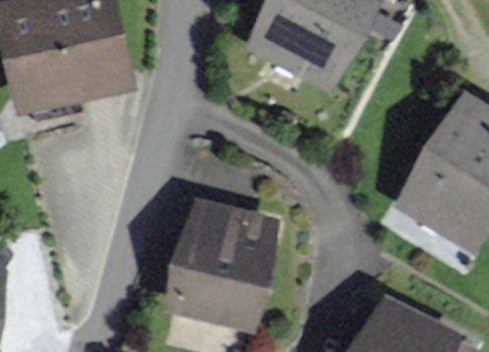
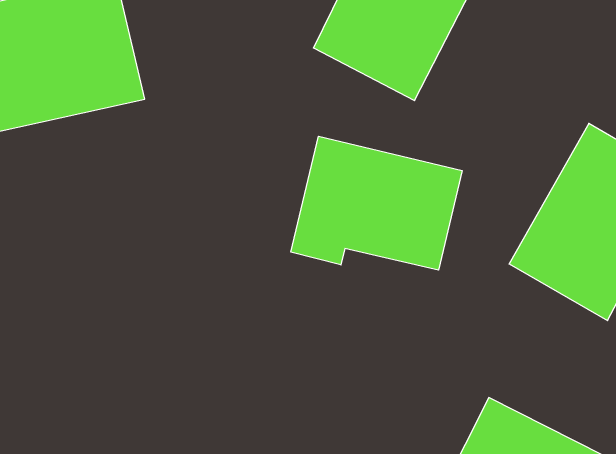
building: none -> [291,136,462,270]
building: [169,204,272,327] -> none

